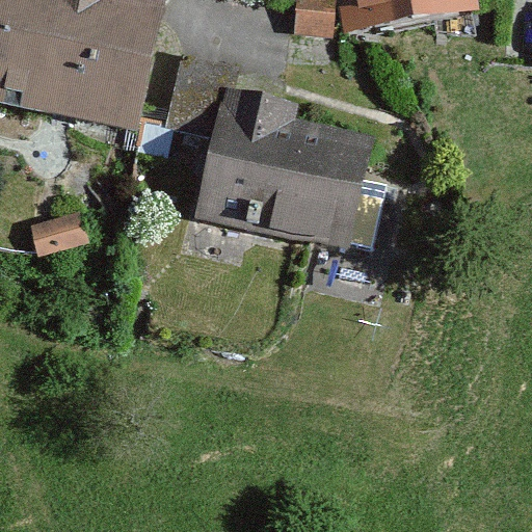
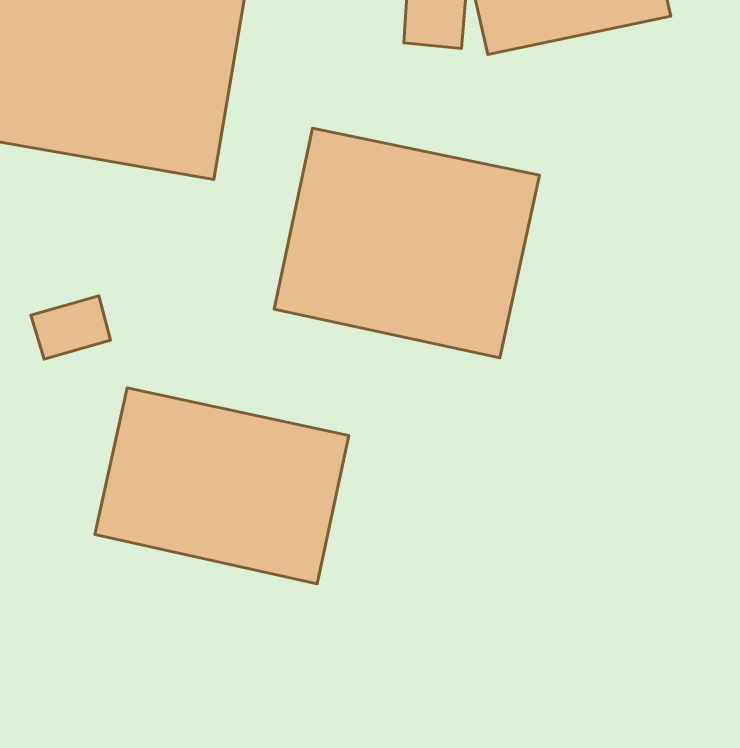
building: none -> [95,388,349,584]

